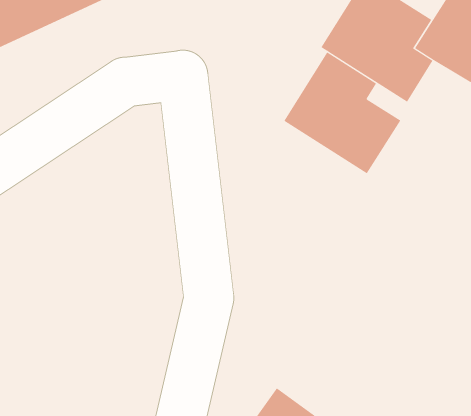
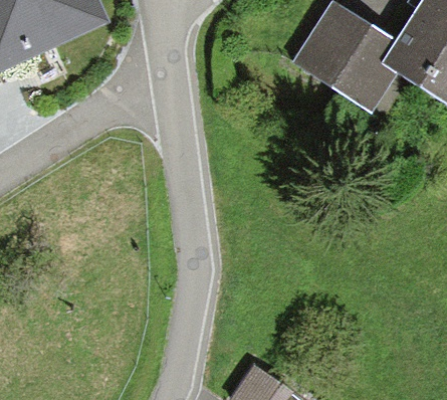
building: [284,51,401,174] -> none

